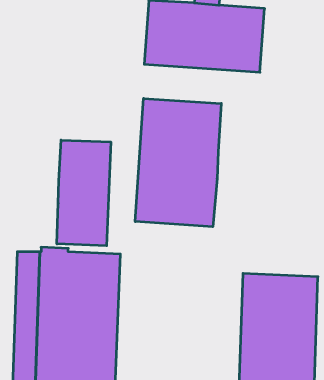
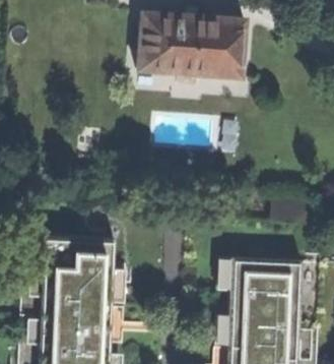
building: [135,98,221,227] -> none
building: [57,140,111,246] -> none

